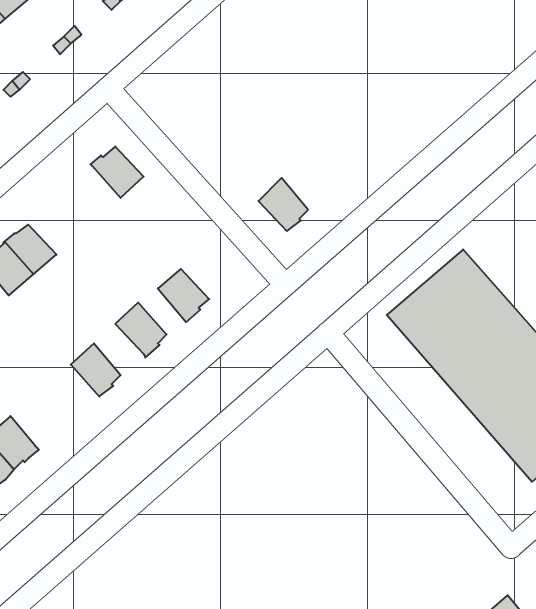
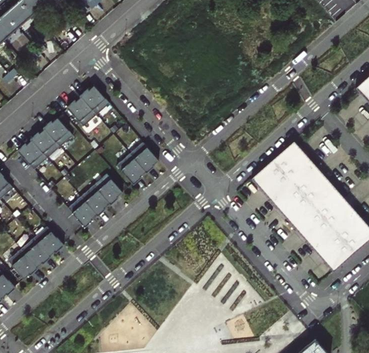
building: none -> [68,96,98,126]
building: [258,178,308,231] -> [132,141,160,171]
building: none -> [45,117,75,146]
building: none -> [83,185,111,215]
building: none -> [36,226,65,255]

